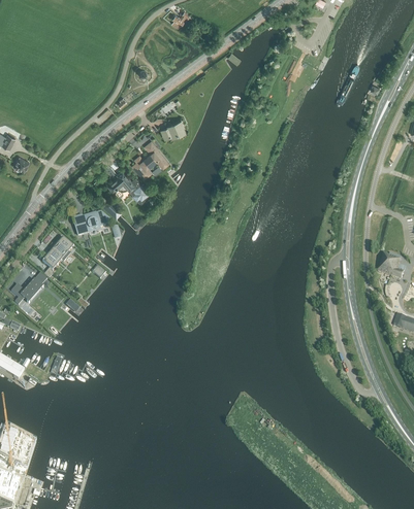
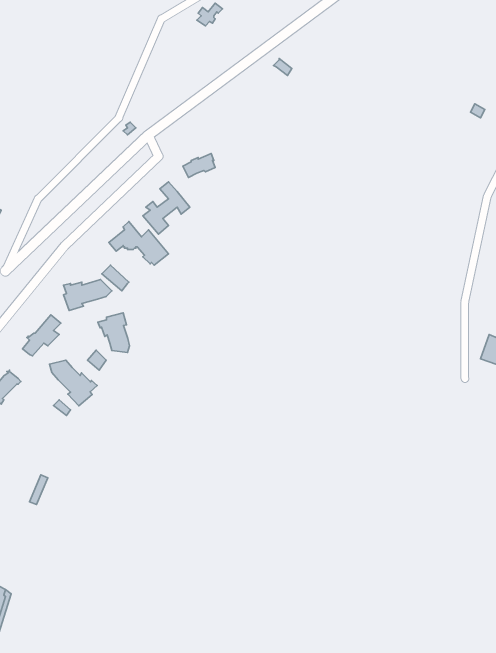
building: none -> [98,313,130,353]
building: none -> [49,360,97,406]

